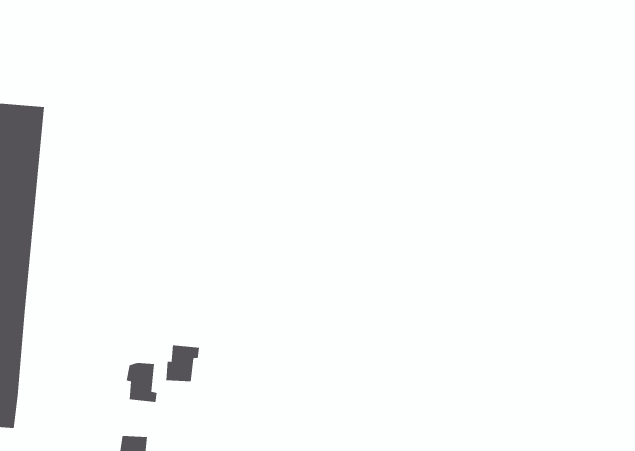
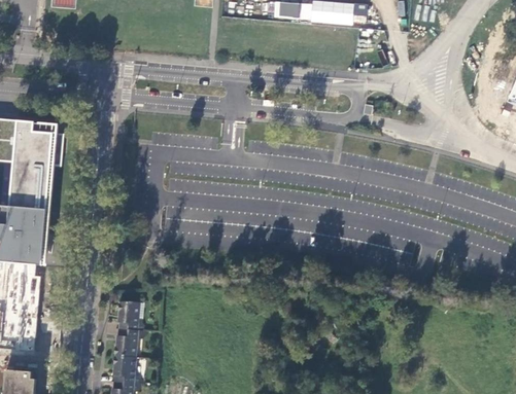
building: [165,345,200,382] -> [114,329,140,357]

